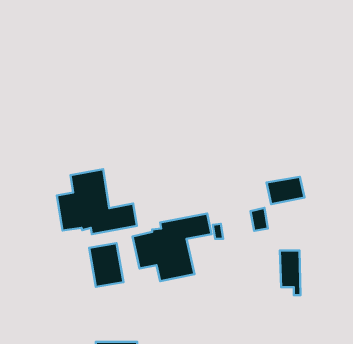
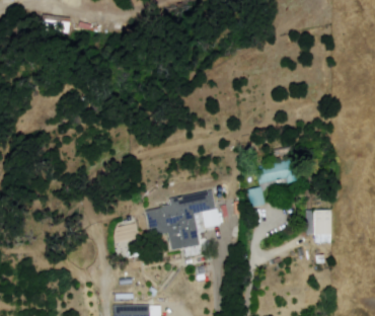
building: [57,169,137,234] -> none
building: [280,250,301,295] -> [314,212,332,251]

